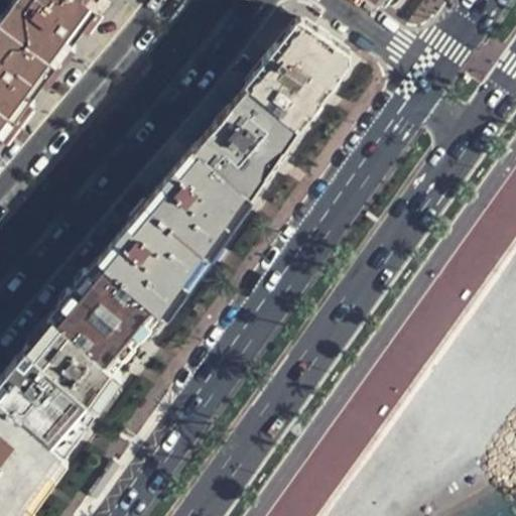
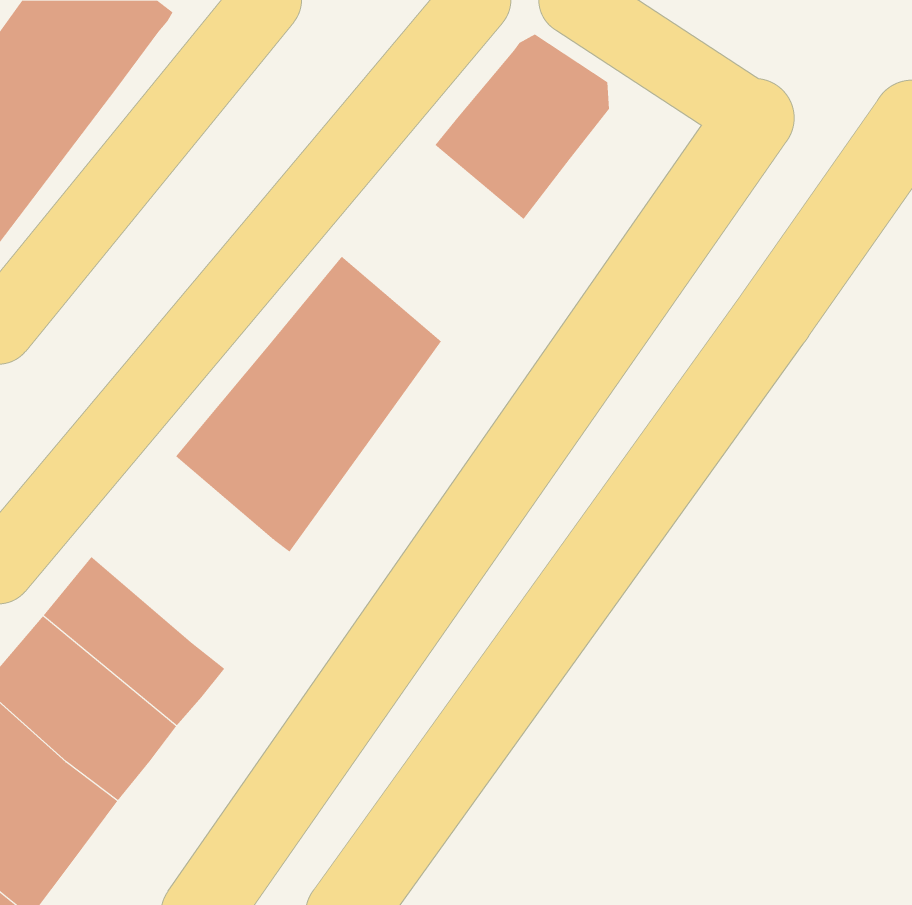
building: [192,87,295,198] -> none
building: [51,262,154,367] -> none

